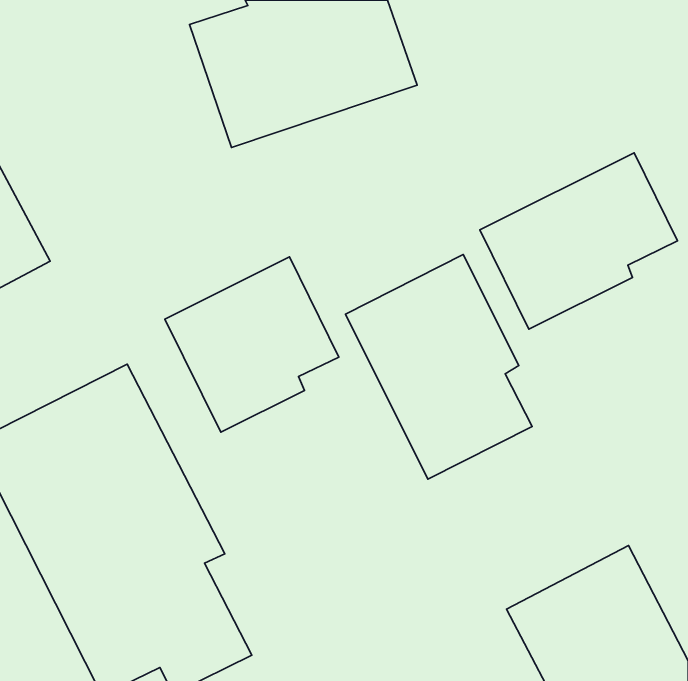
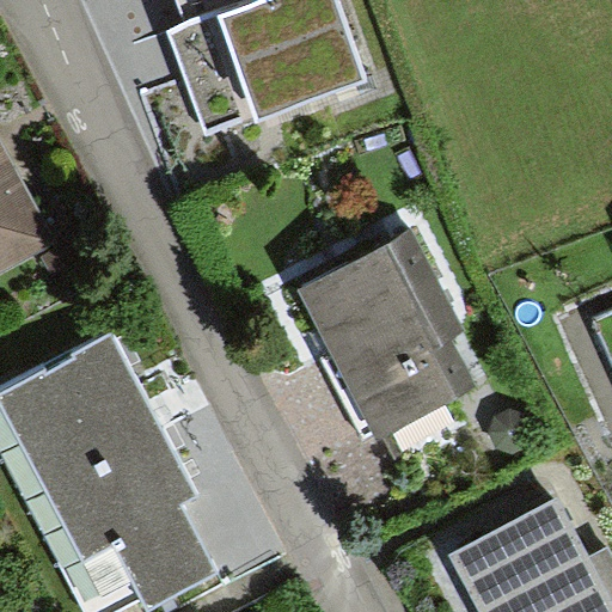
building: [480,153,678,329] -> none
building: [165,257,339,432] -> none

